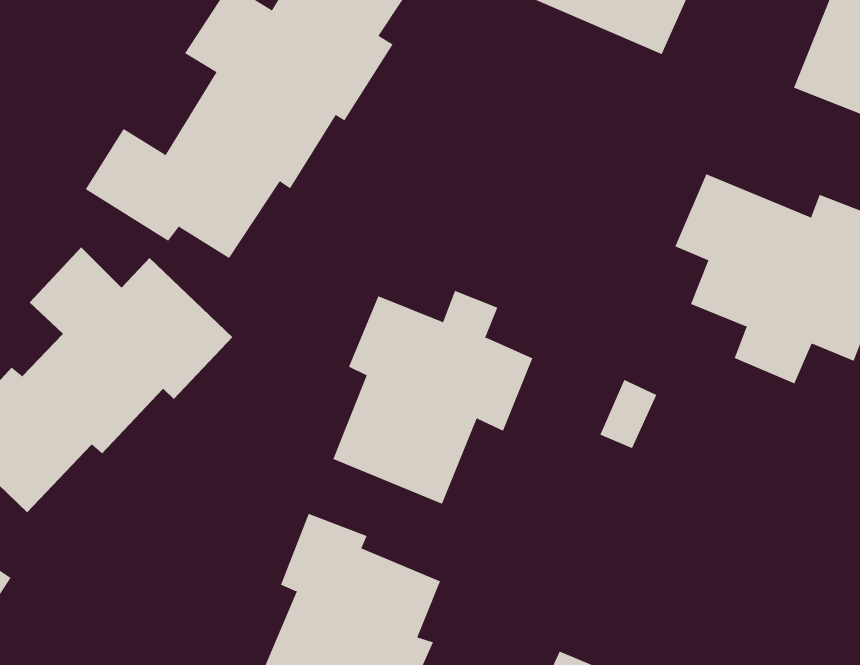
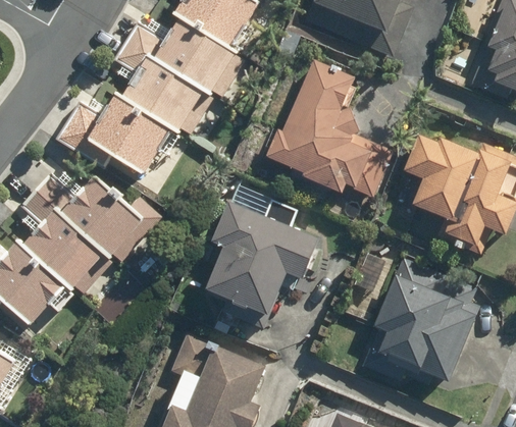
building: none -> [255,56,397,203]
building: none -> [361,254,484,389]

